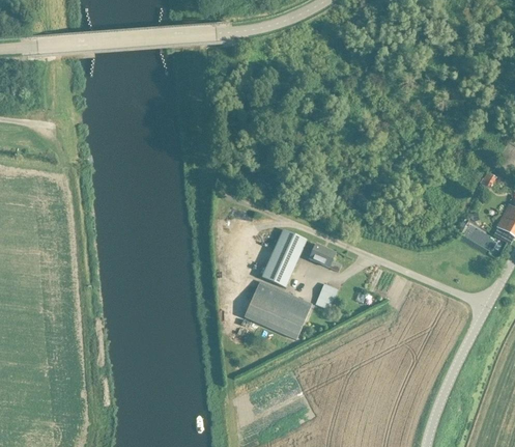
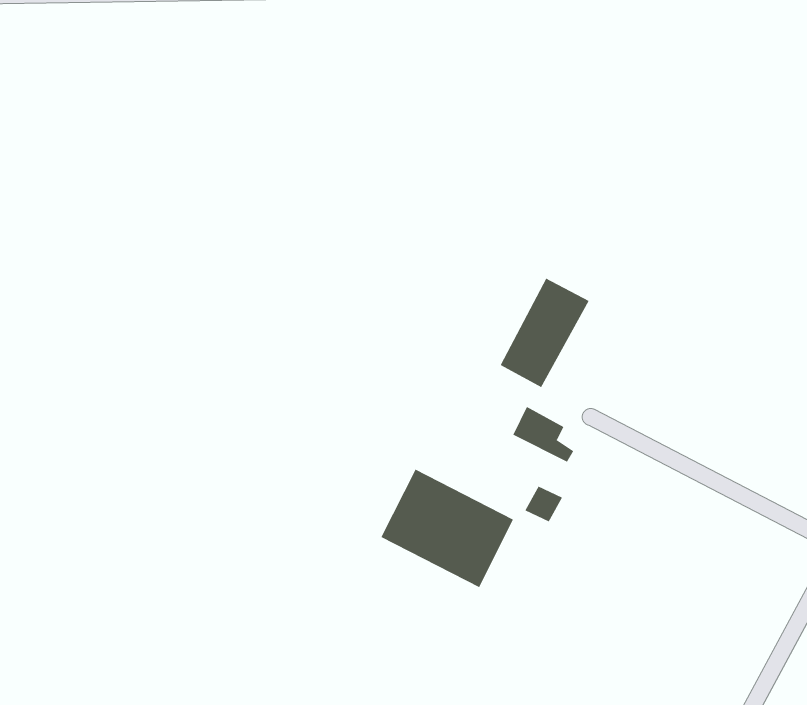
building: [261,229,306,287] -> [500,278,590,388]

